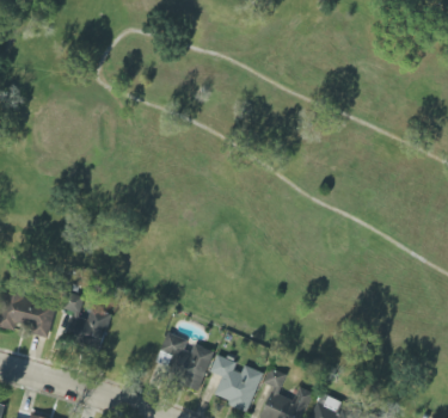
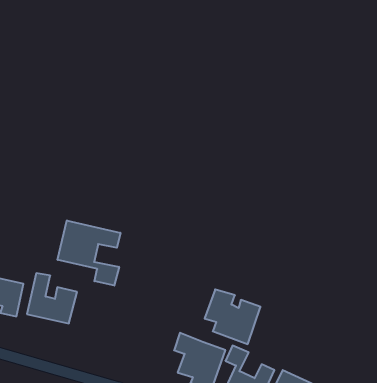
building: none -> [58,220,120,286]
building: [155,332,213,388] -> [205,289,261,344]

